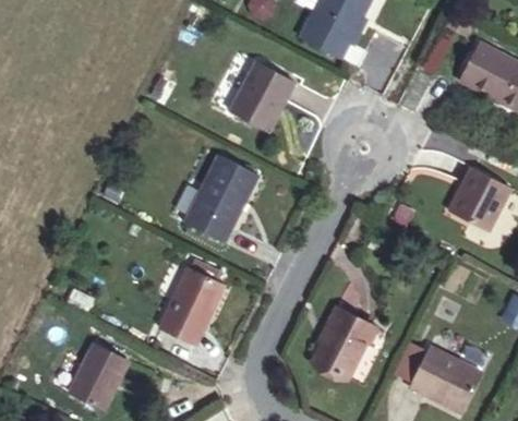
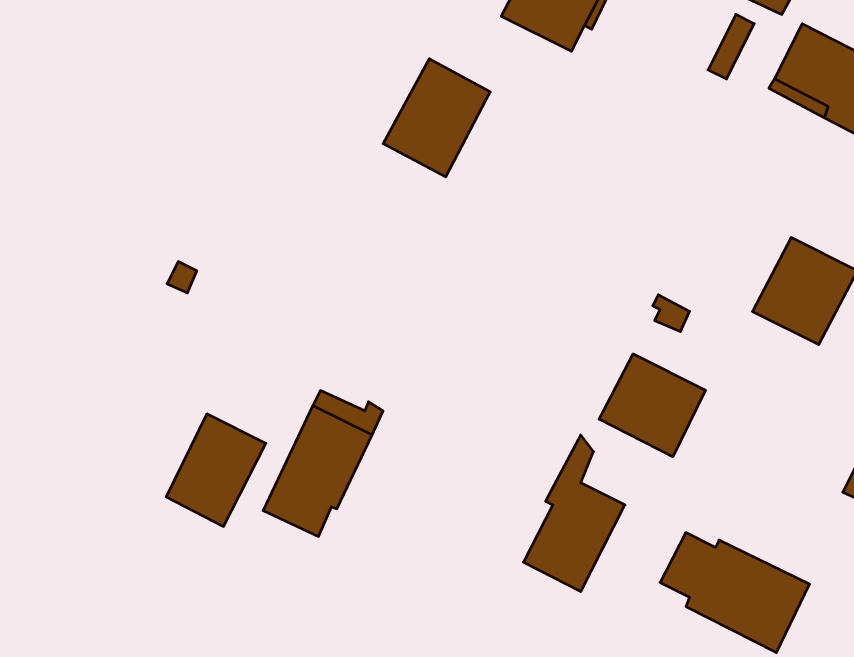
building: [184,155,260,243] -> none
building: none -> [599,354,705,457]
building: [70,344,129,410] -> [166,414,266,526]

